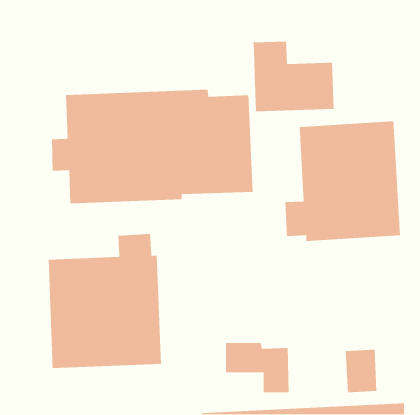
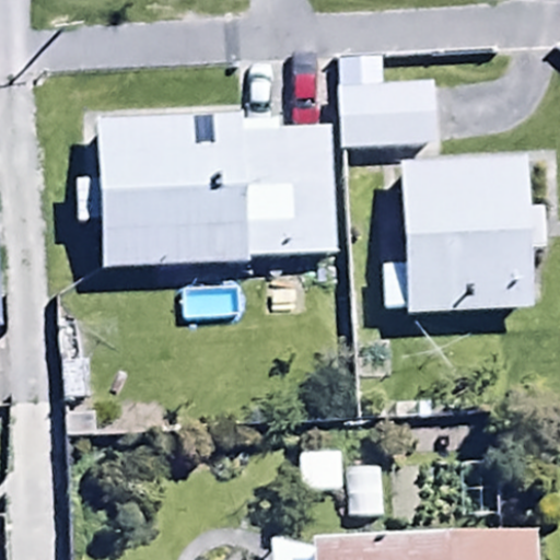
building: [48,233,162,369] -> none

